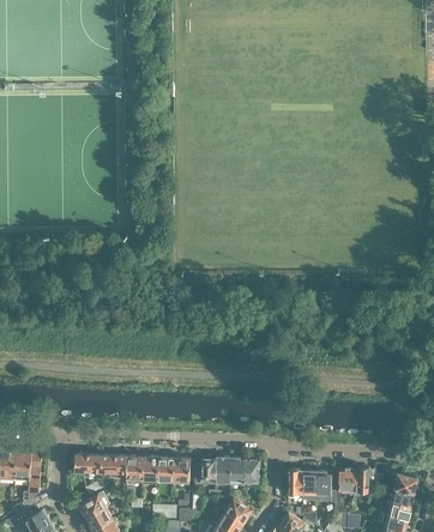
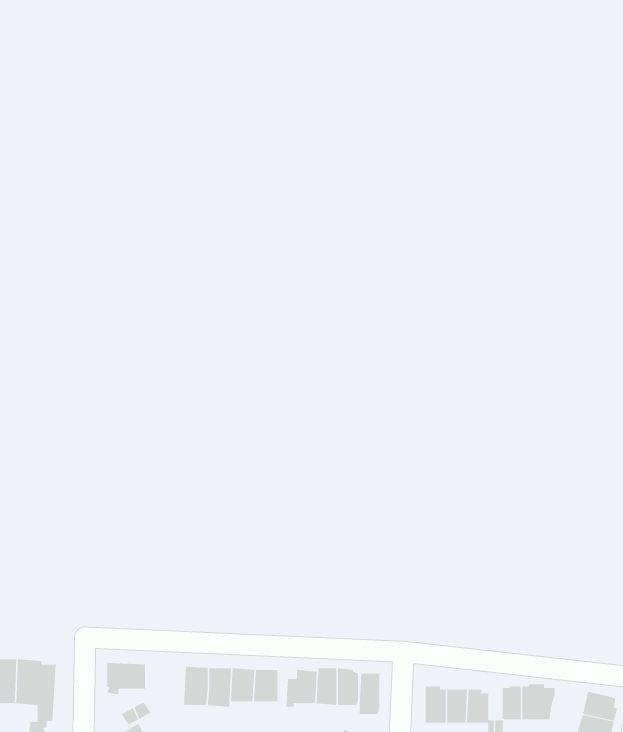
building: [101,455,127,479] -> none

